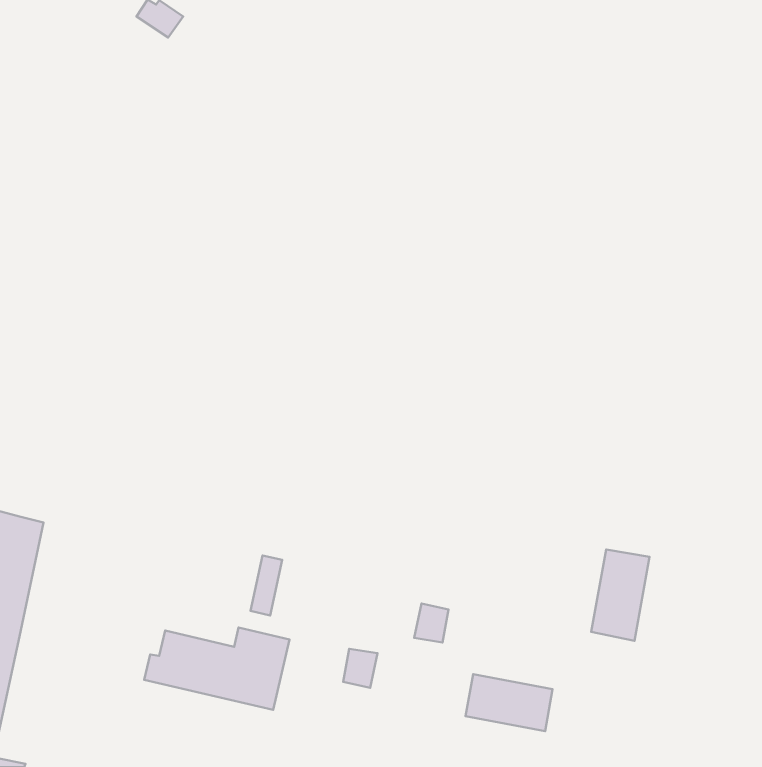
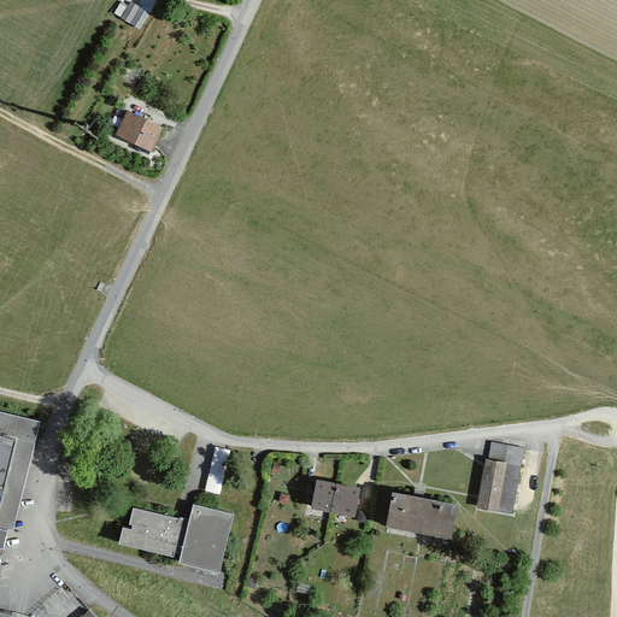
building: none -> [114,111,160,151]
building: [343,649,378,688] -> [311,481,339,512]
building: [466,674,553,731] -> [388,493,458,539]

